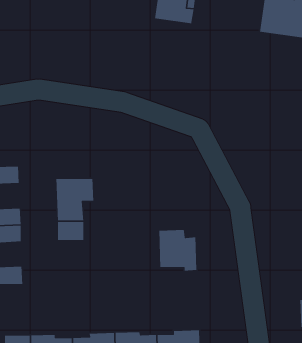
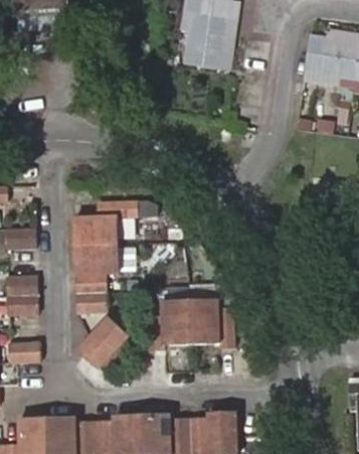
building: none -> [74,202,137,243]
building: none -> [148,301,192,349]
building: none -> [78,317,129,368]

